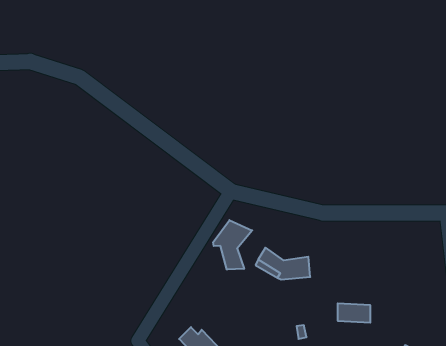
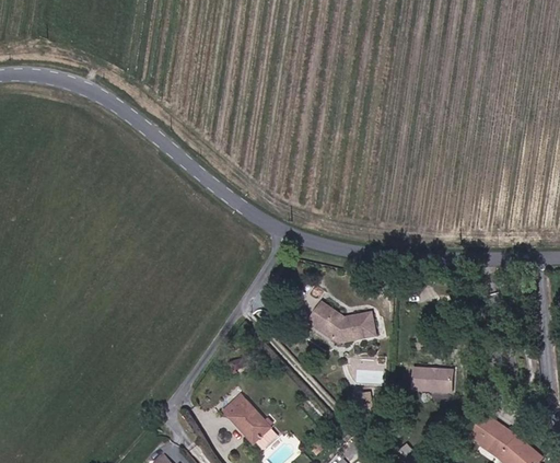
building: [213,220,252,270] -> none

